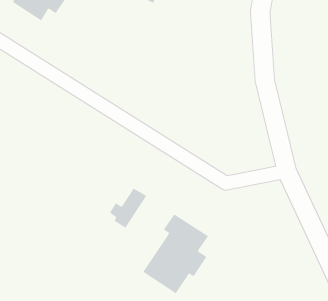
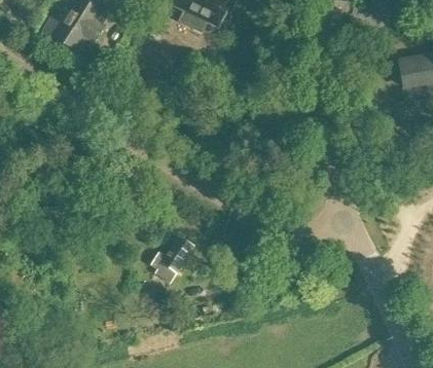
building: [143,213,209,294] -> none

